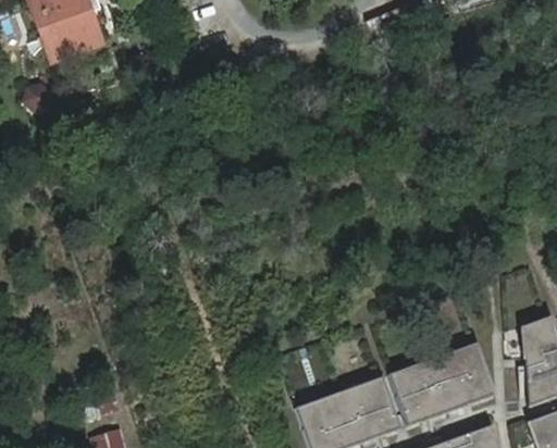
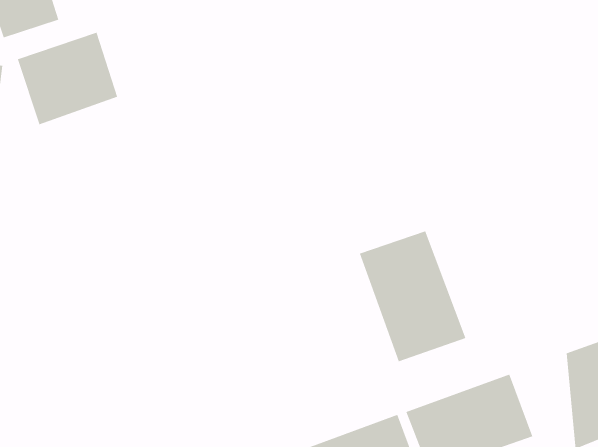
building: none -> [17,32,118,125]
building: none -> [359,230,466,362]

